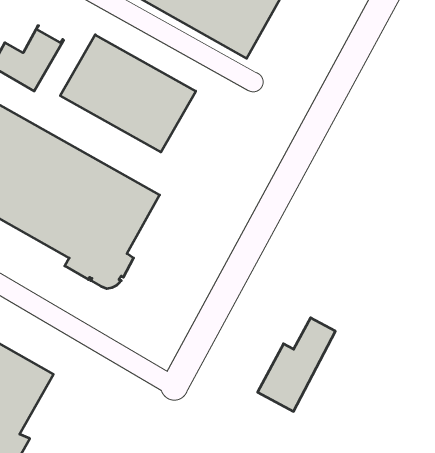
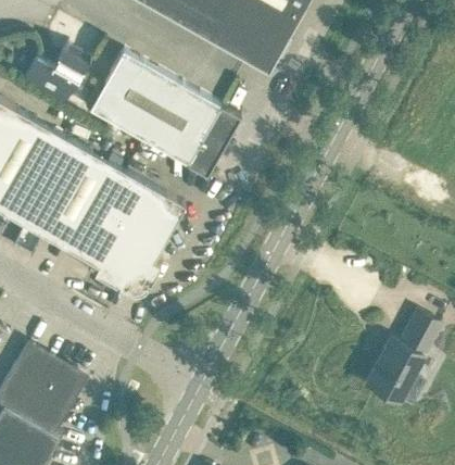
building: none -> [187,104,241,175]
building: [258,318,335,411] -> [366,311,441,401]

